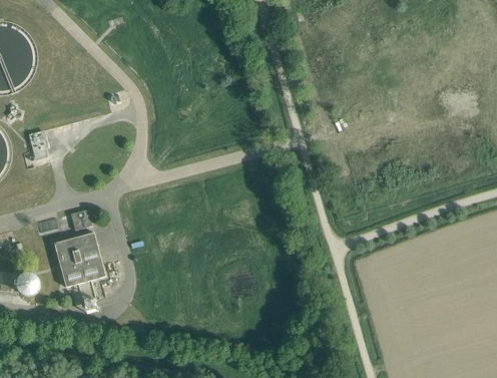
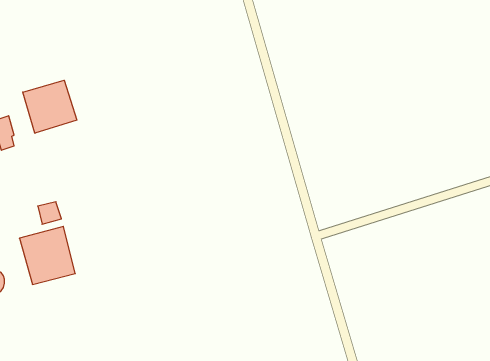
building: none -> [23,80,77,133]

